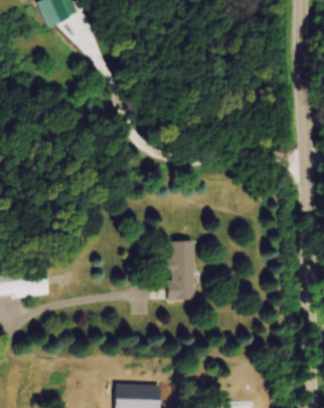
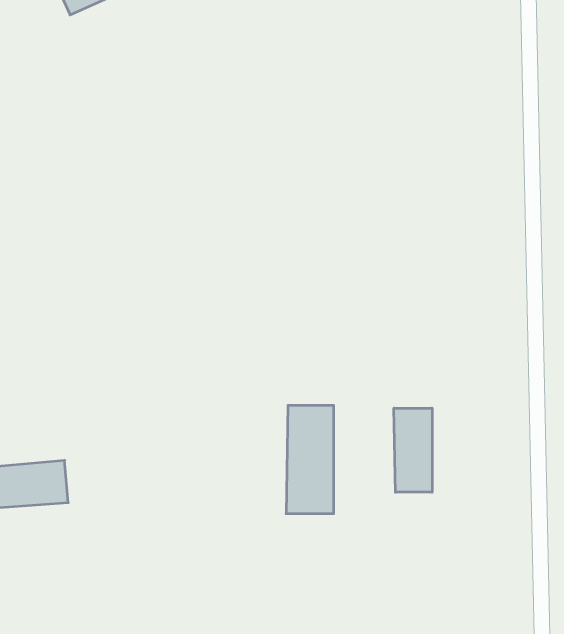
building: none -> [394,408,432,492]

